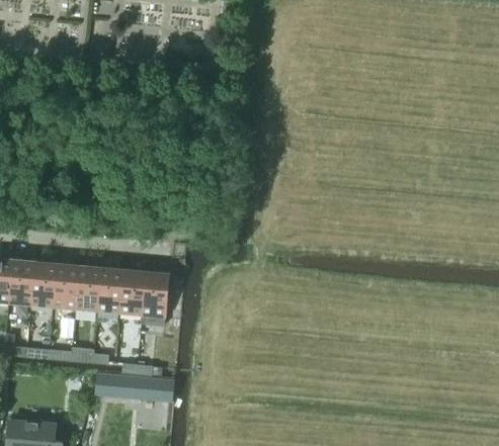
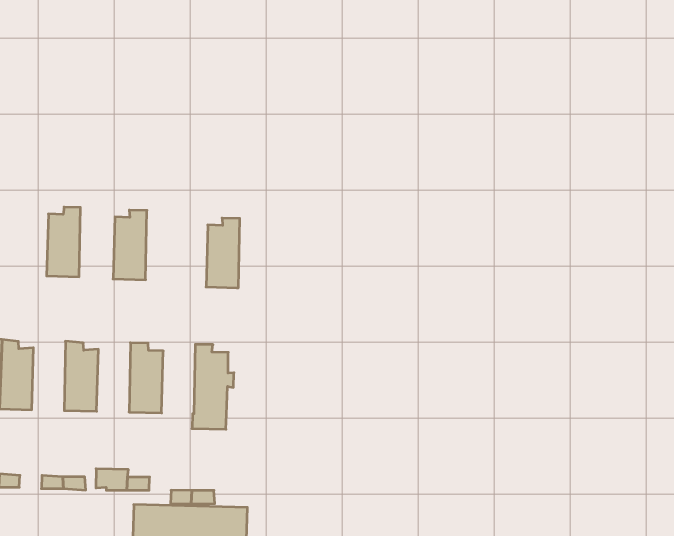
building: [30,258,57,306] -> [47,207,80,277]
building: [75,262,101,310] -> [113,210,147,280]
building: [119,266,146,315] -> [206,218,240,288]

